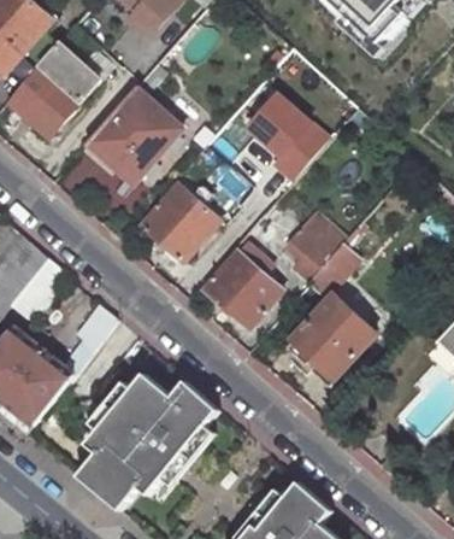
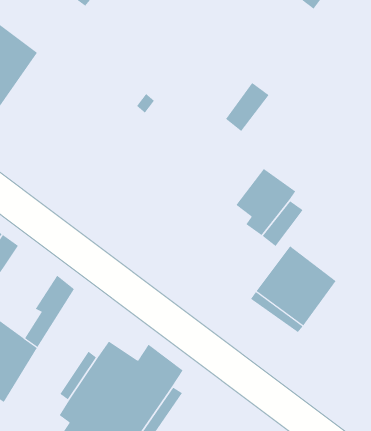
building: [82,88,181,187] -> none
building: [246,94,311,159] -> none
building: [142,181,222,259] -> none
building: [205,253,279,327] -> none

